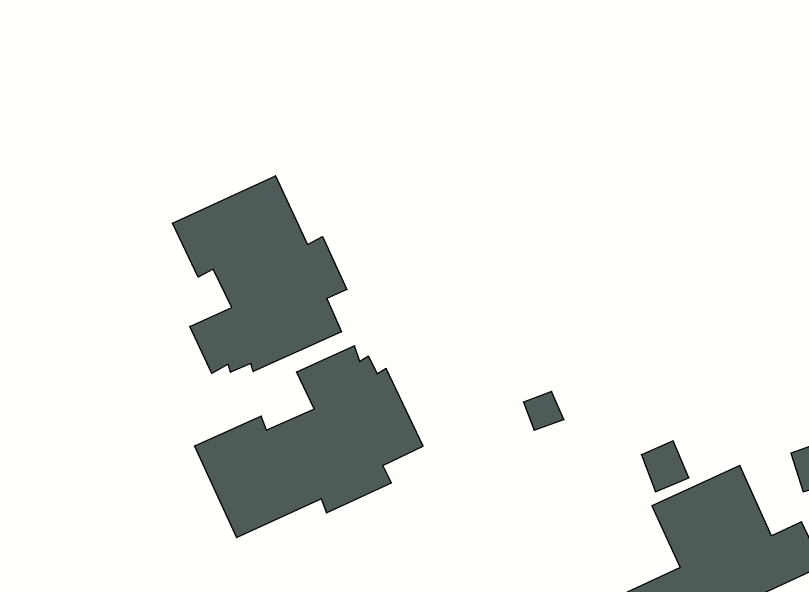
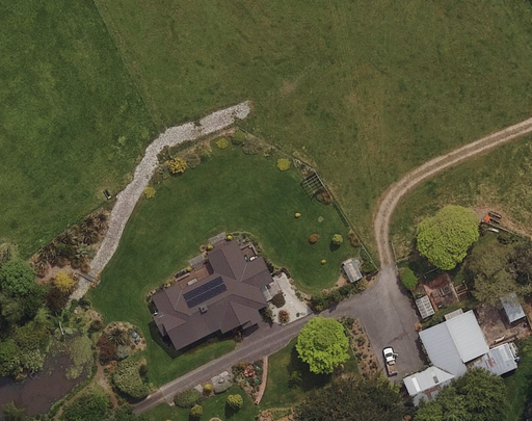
building: [172,176,347,373] -> none

